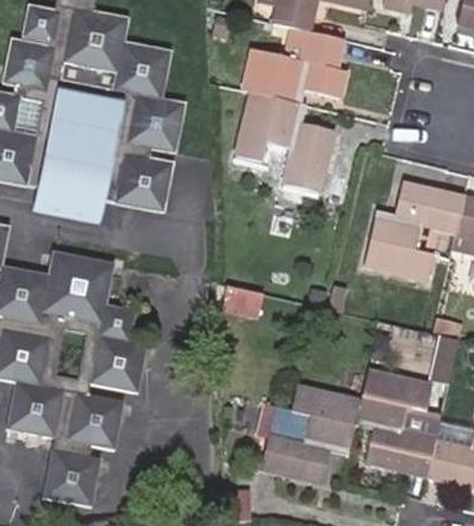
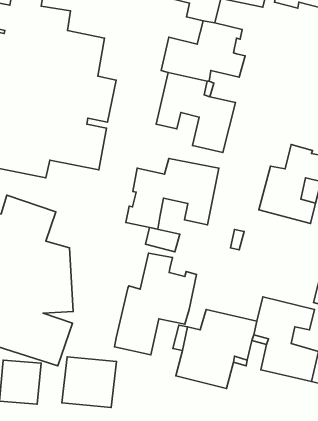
building: none -> [126,158,219,229]
building: none -> [114,253,197,355]
building: none -> [62,357,116,408]

